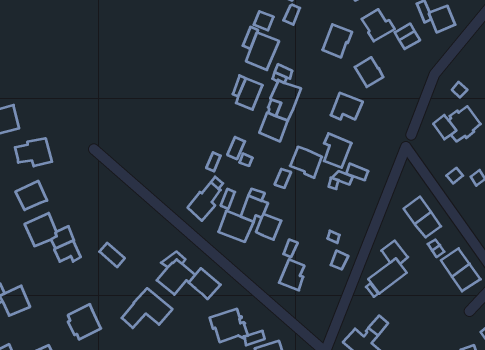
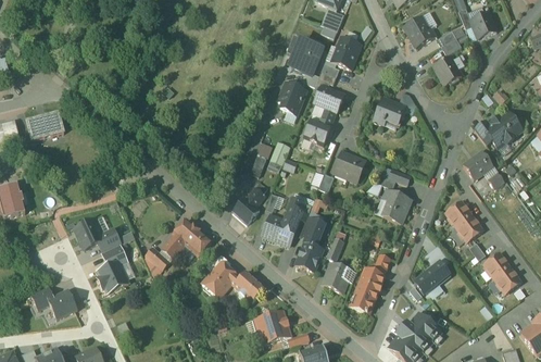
building: [322,24,352,57] -> [332,36,362,68]
building: [355,57,383,87] -> [433,55,462,85]
building: [324,133,352,168] -> [383,189,411,223]
building: [15,138,52,166] -> none
building: none -> [463,150,493,178]
building: [16,181,47,210] -> none
building: none -> [295,238,323,271]
building: none -> [354,267,385,314]
building: [122,288,172,328] -> [162,219,212,258]
building: [68,304,101,339] -> [96,259,128,294]

